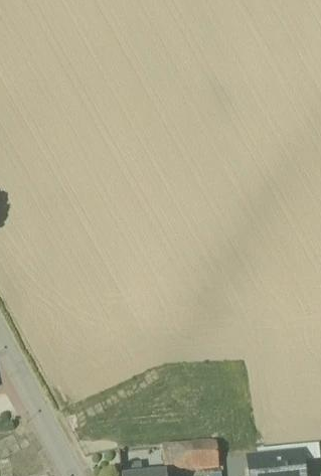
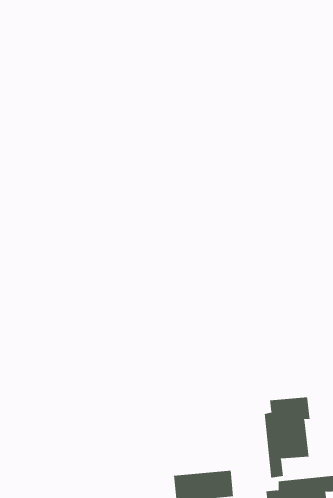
building: none -> [264,397,310,479]

